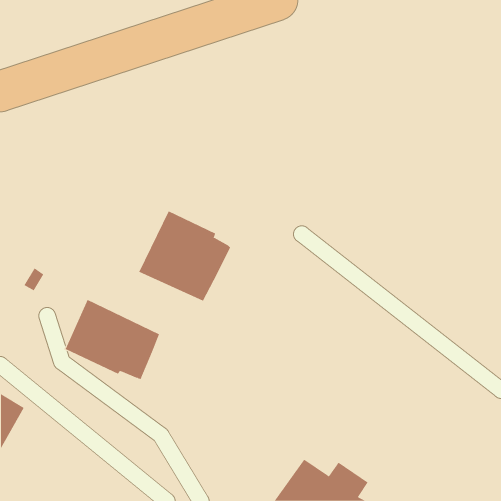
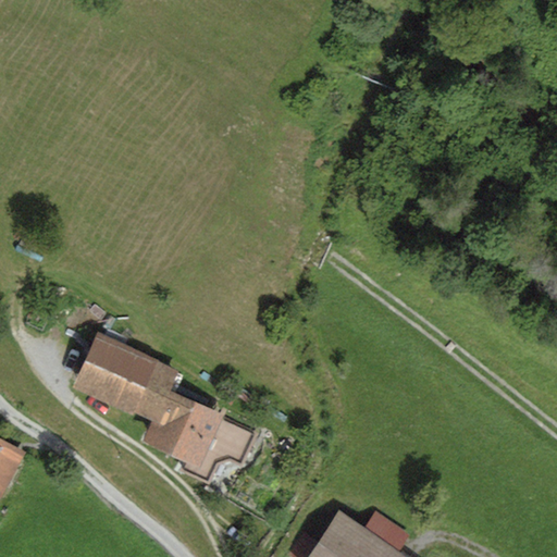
building: [138,211,231,301] -> none
building: none -> [143,391,258,484]

